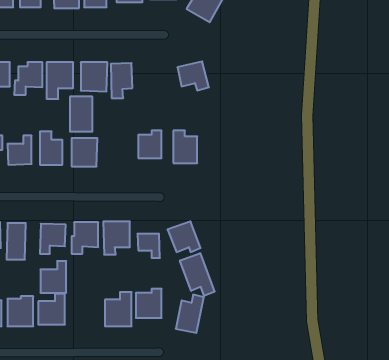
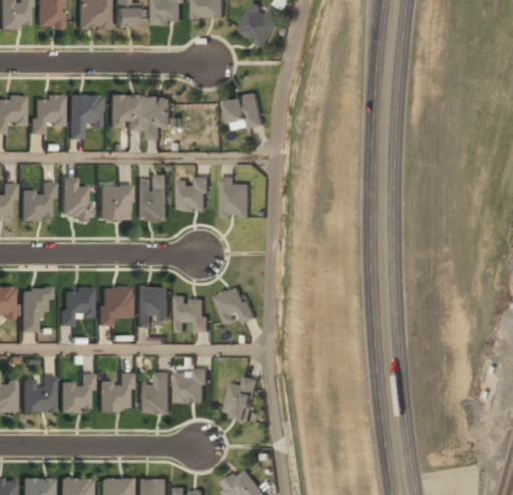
building: [70,97,92,132] -> [139,179,166,221]
building: [180,253,215,296] -> none
building: [40,261,66,293] -> [99,373,131,411]

